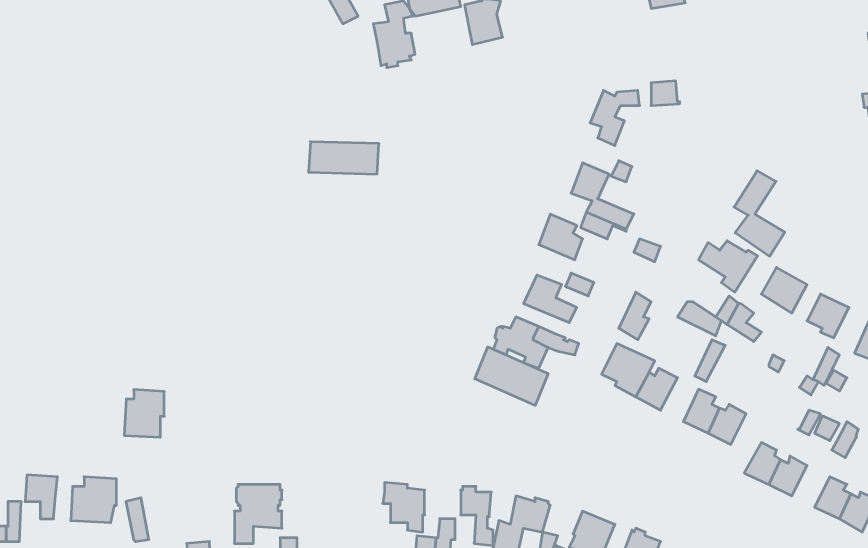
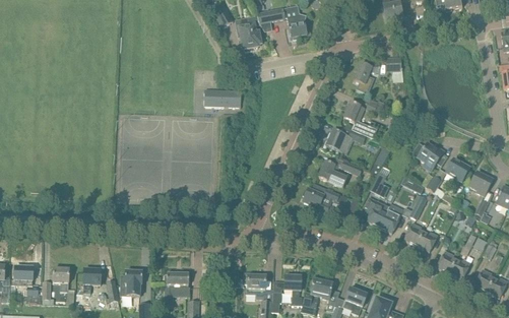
building: [734,171,785,256] -> none
building: [475,347,548,405] -> none
building: [124,390,164,437] -> [120,270,141,296]

